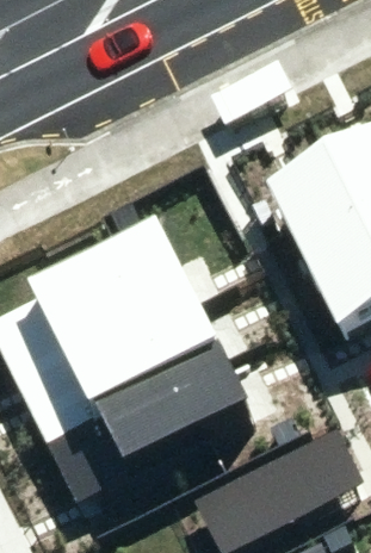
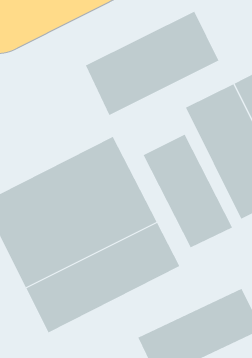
building: none -> [85,11,219,116]
building: none -> [143,134,233,248]

